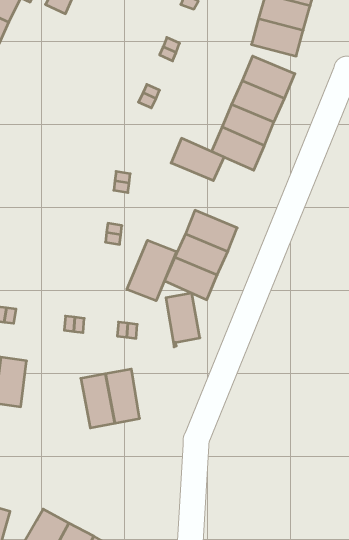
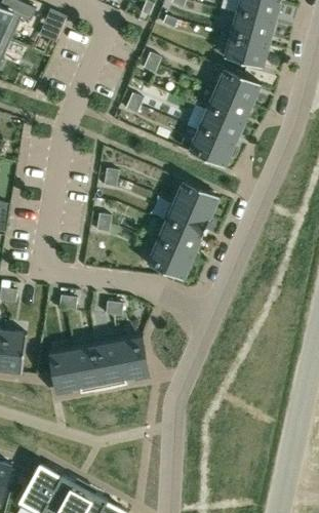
building: [171,138,224,181] -> [173,182,220,219]
building: [127,240,177,301] -> none
building: [166,293,200,347] -> [118,338,148,385]
building: none -> [51,350,82,393]

